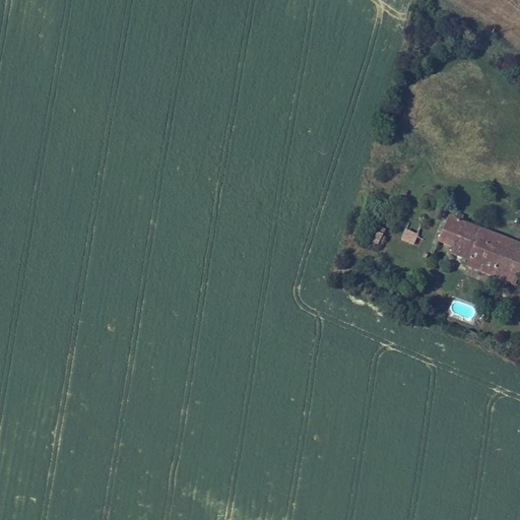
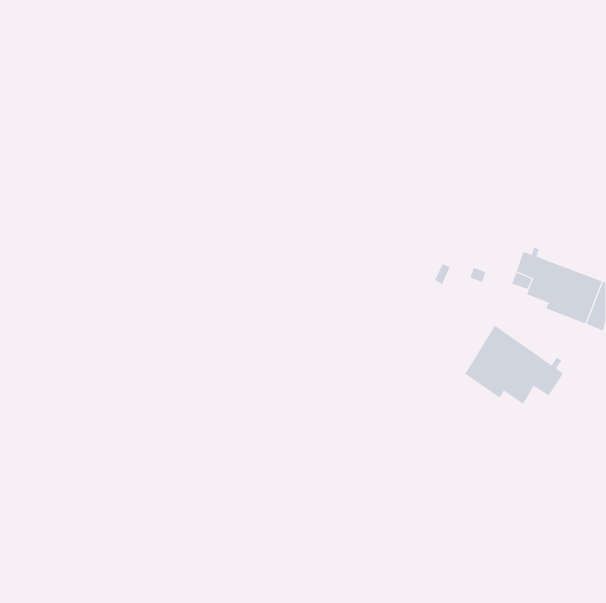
building: none -> [465,325,563,404]

